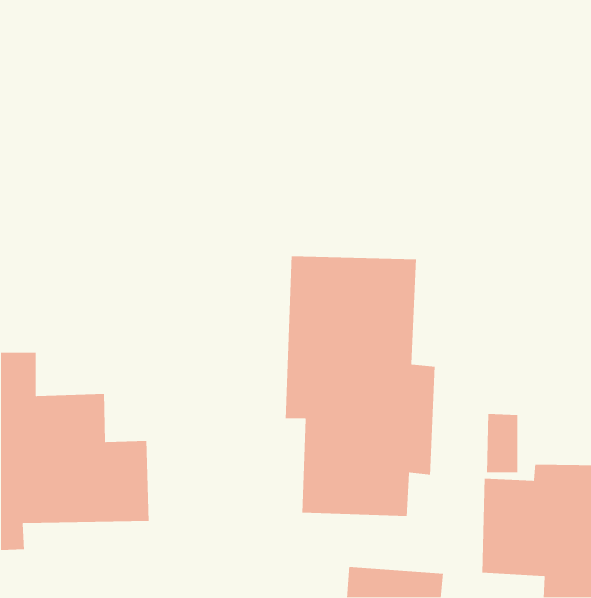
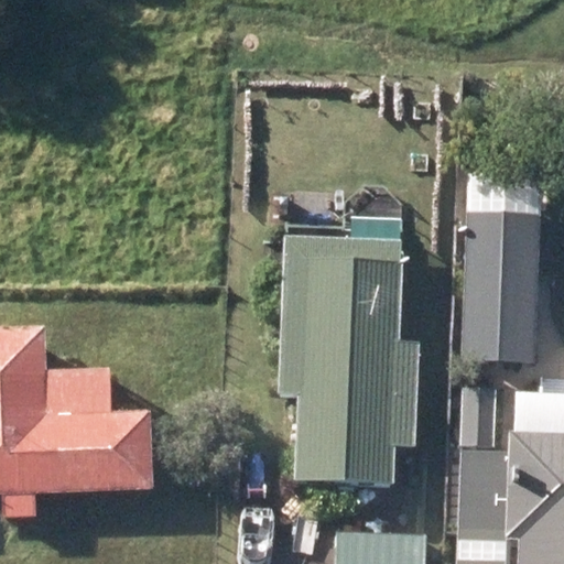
building: none -> [462,212,540,360]

